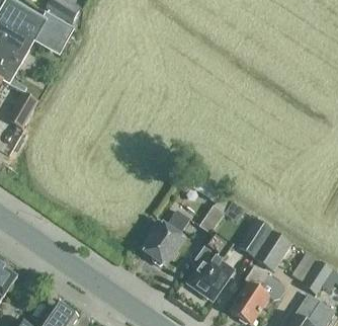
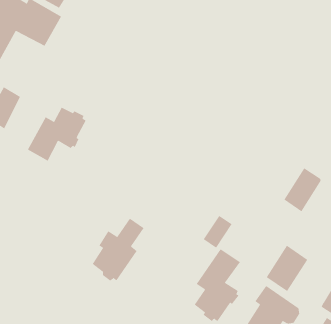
building: none -> [27,107,87,162]
building: [143,210,189,265] -> [92,218,144,281]
building: [238,219,272,258] -> [283,167,322,212]

